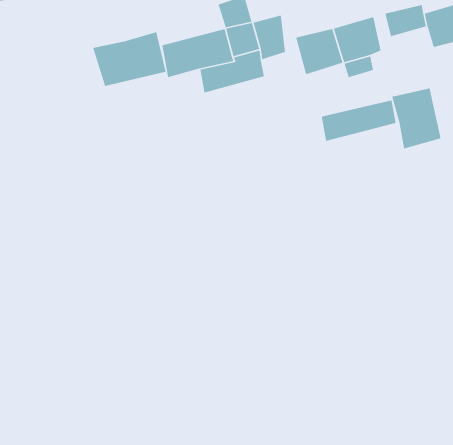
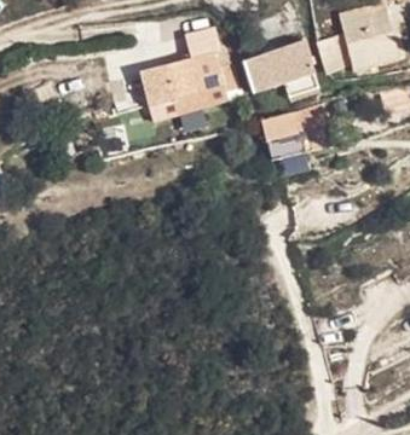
building: [92,31,166,87] -> none
building: [391,87,441,149] -> none

